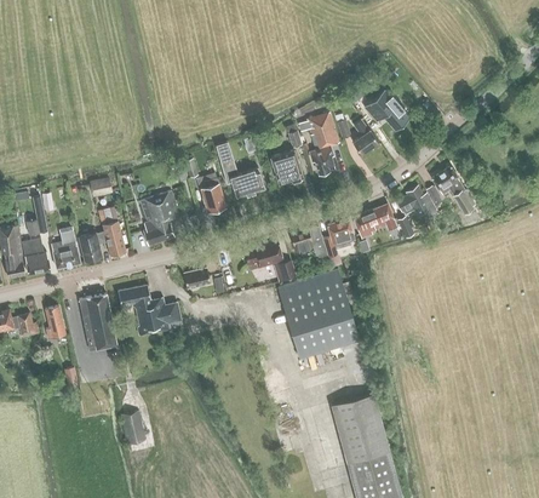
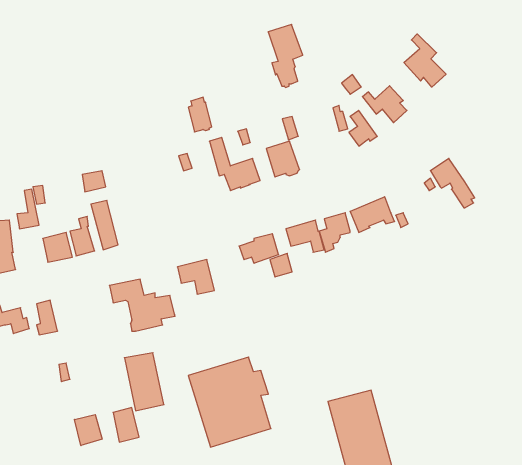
building: none -> [404,34,446,87]
building: [305,113,339,174] -> [268,24,303,87]
building: [201,178,224,212] -> [188,97,212,132]
building: [396,187,436,219] -> none
building: [139,191,179,246] -> none
building: [22,239,50,274] -> none
building: [277,269,359,357] -> [188,357,271,447]
building: [78,294,116,351] -> [124,353,164,411]
building: none -> [74,415,102,446]

